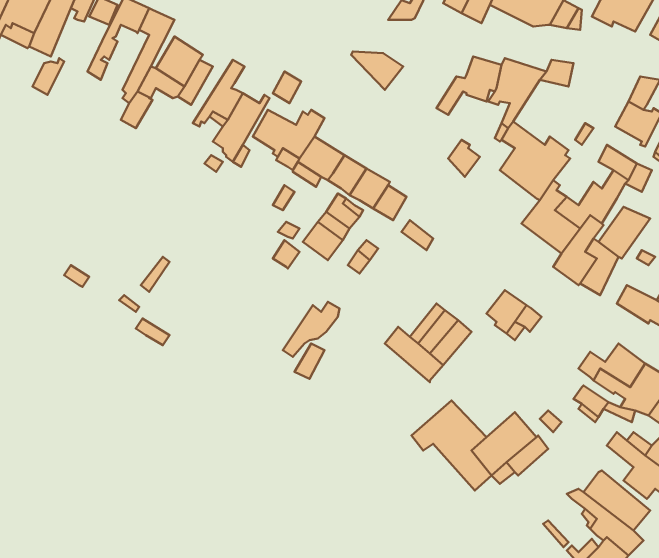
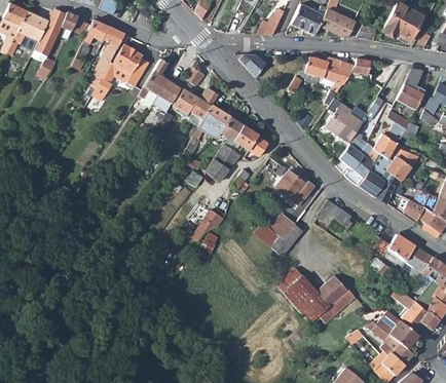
building: none -> [275,170,314,204]

